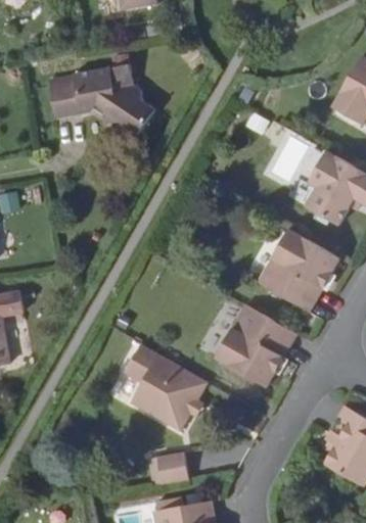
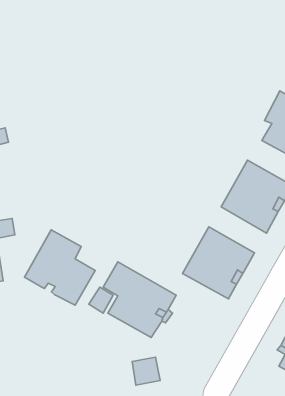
building: [50,61,150,130] -> none
building: none -> [24,230,95,305]

